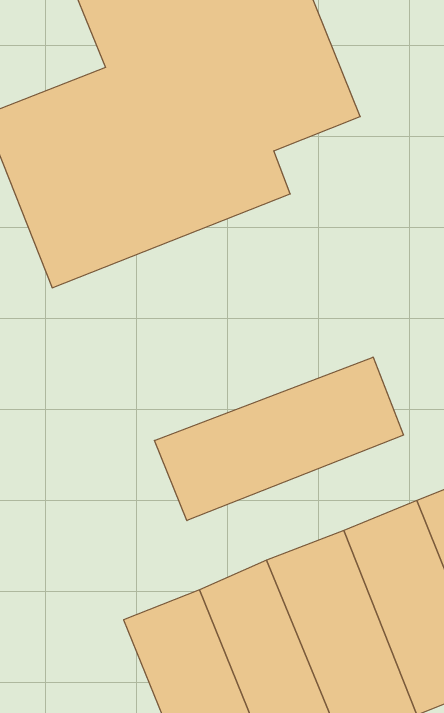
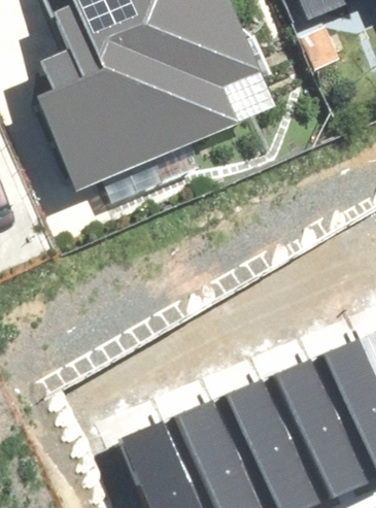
building: [154,357,403,521] -> none

